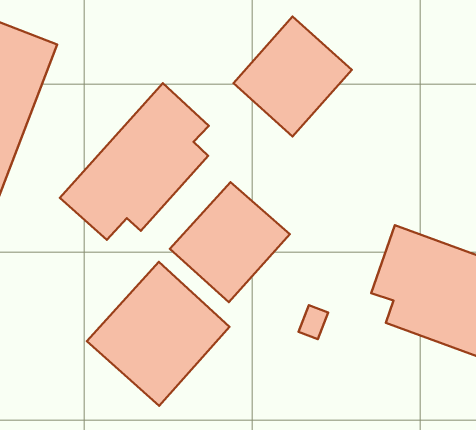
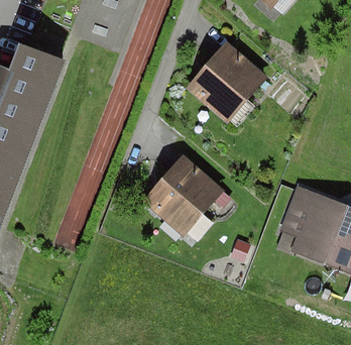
building: [60,83,209,240] -> none
building: [87,262,229,406] -> none

